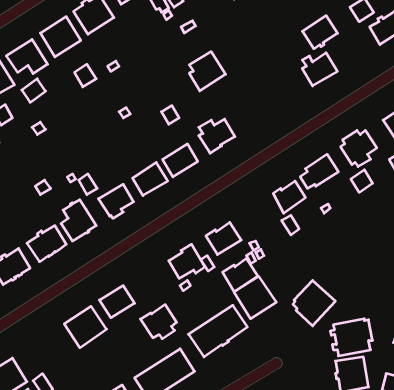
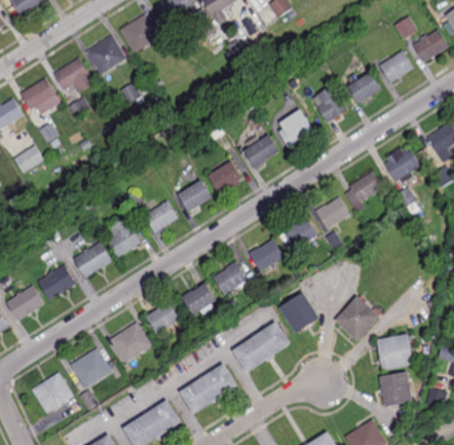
building: [302,16,338,49] -> [379,49,414,82]
building: [189,52,226,91] -> [278,111,314,150]
building: none -> [315,87,347,124]
building: [223,259,258,292] -> [282,217,317,250]
building: [140,305,177,339] -> [181,282,217,316]
building: none -> [70,347,111,387]

